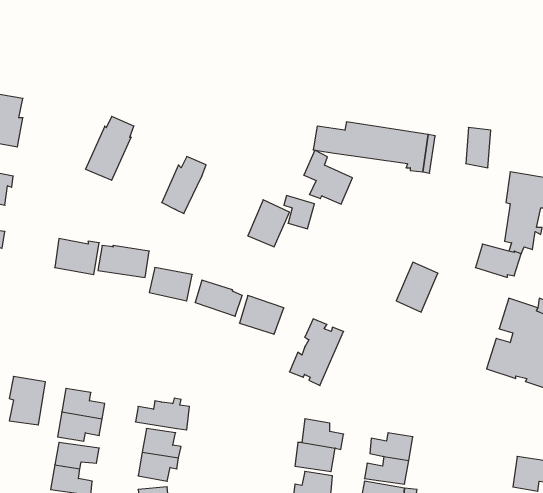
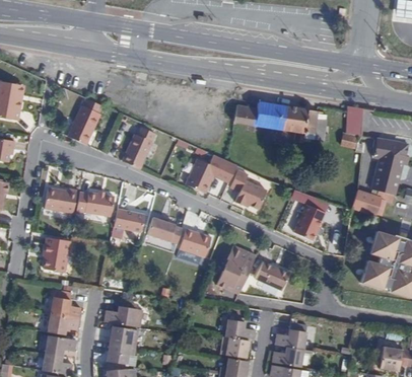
building: [304,150,352,204] -> [230,169,266,209]
building: none -> [255,260,289,290]
building: [9,376,45,425] -> [44,236,70,272]

